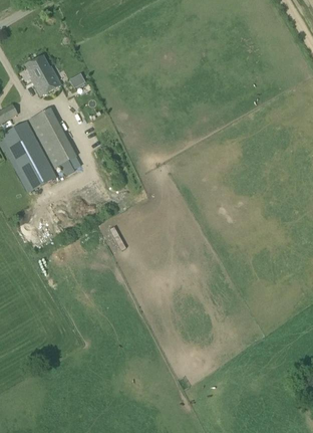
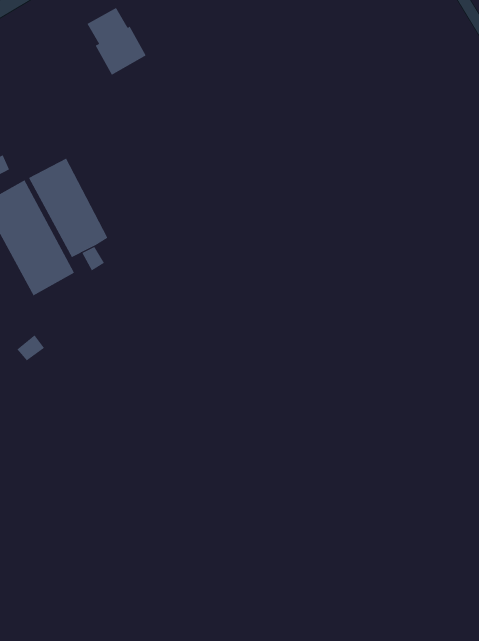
building: [25,55,61,96] -> [87,7,147,75]

